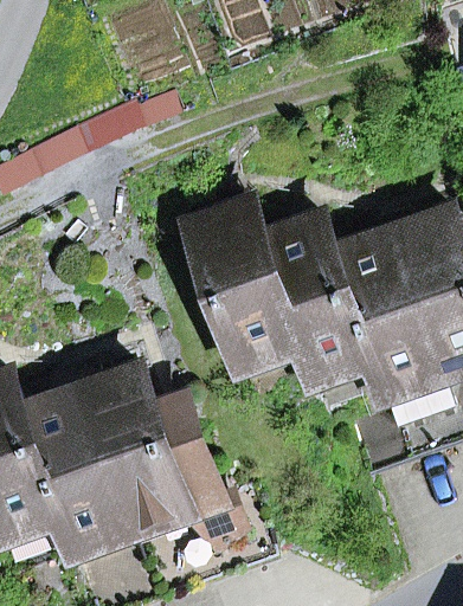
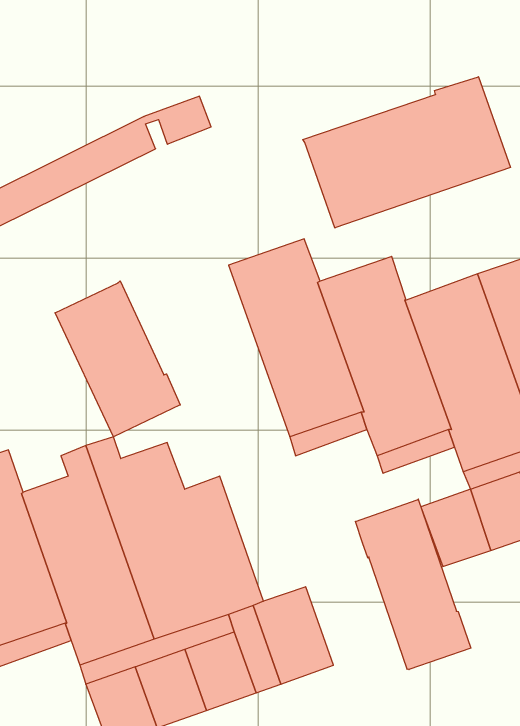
building: none -> [303,77,511,228]
building: none -> [55,281,180,437]
building: none -> [355,499,471,670]

